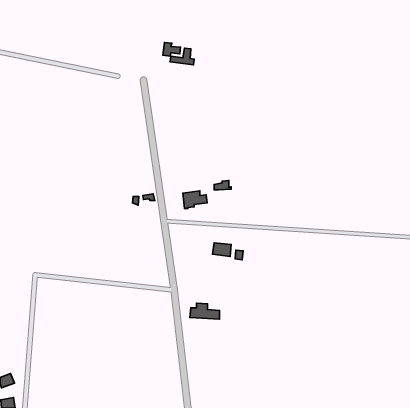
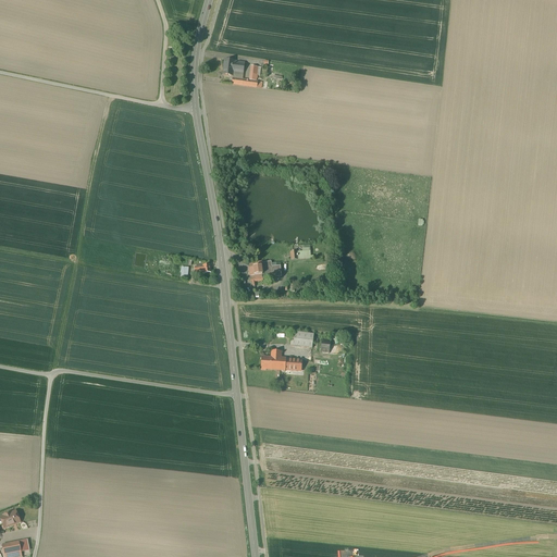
building: [190,303,220,319] -> [260,348,300,370]

